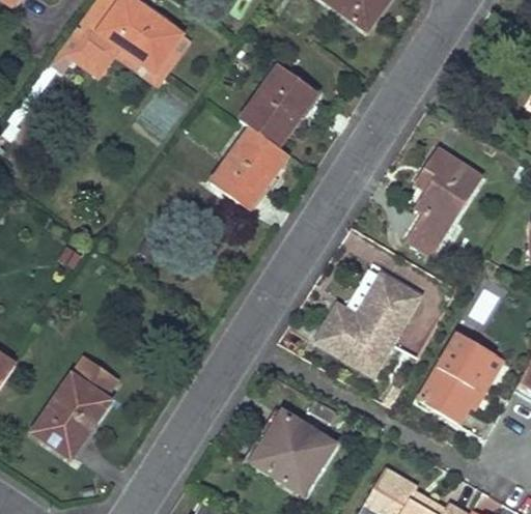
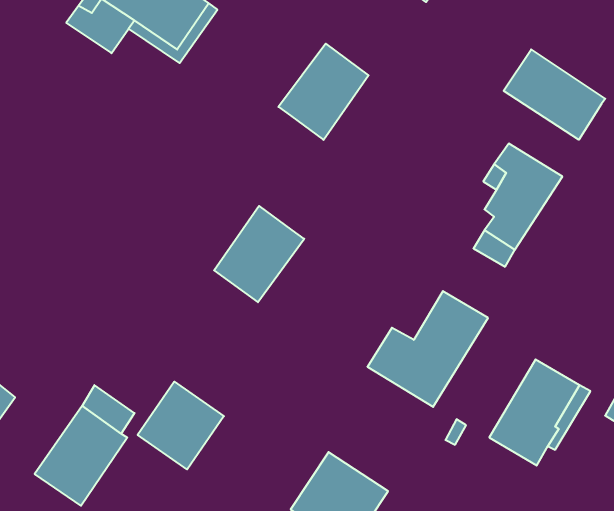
building: none -> [504,49,605,140]
building: [212,126,288,208] -> [214,206,304,302]
building: none -> [138,382,224,469]

